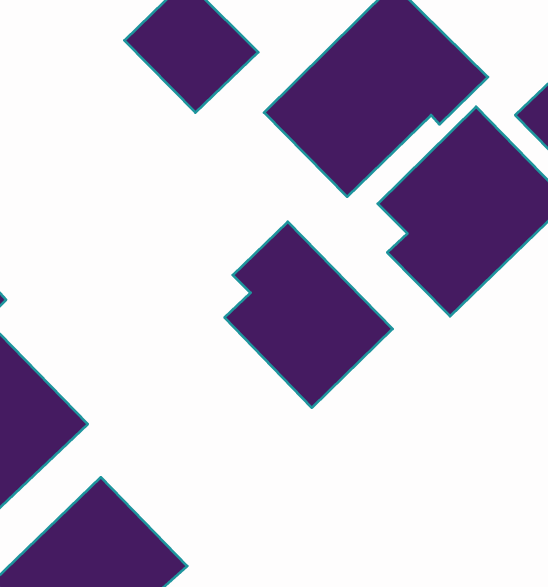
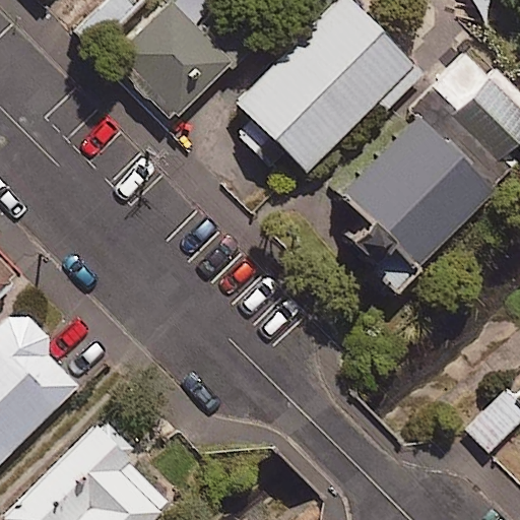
building: [225,222,393,408] -> none

